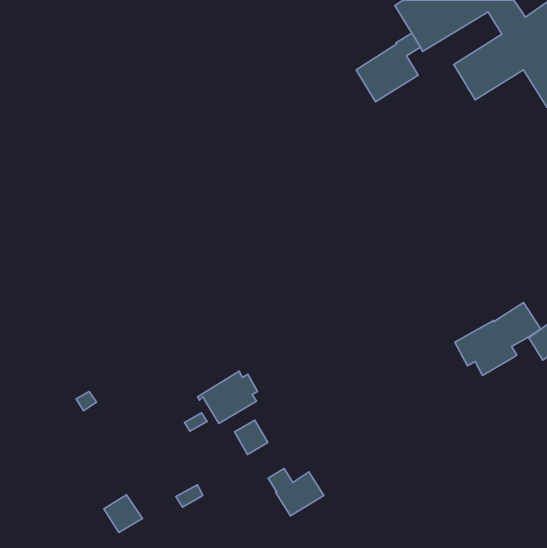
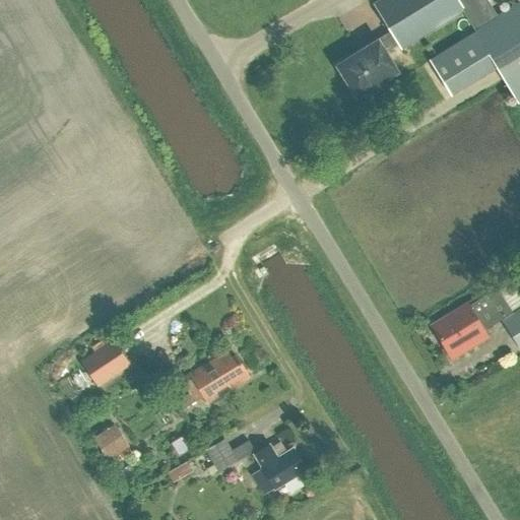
building: none -> [81,337,131,385]
building: [235,420,268,454] -> [206,437,238,469]
building: [104,495,142,532] -> [93,422,130,458]

